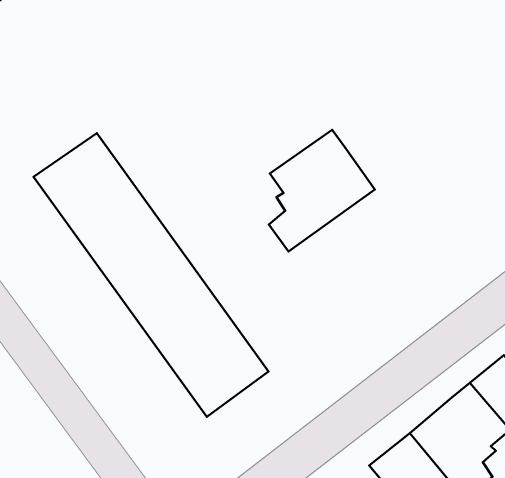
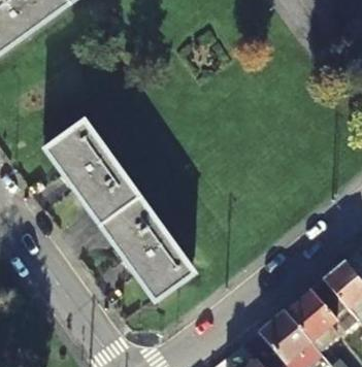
building: [269,130,375,252] -> none

